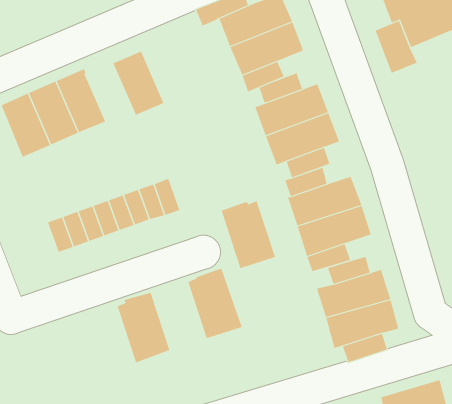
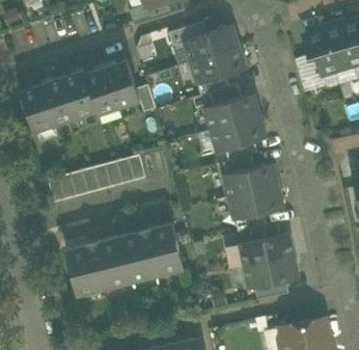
building: none -> [83,70,117,116]
building: [221,200,276,269] -> [118,234,156,282]
building: none -> [64,247,103,296]

